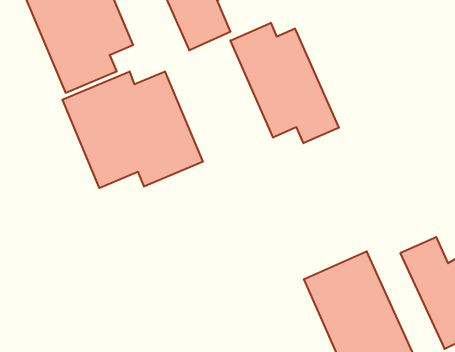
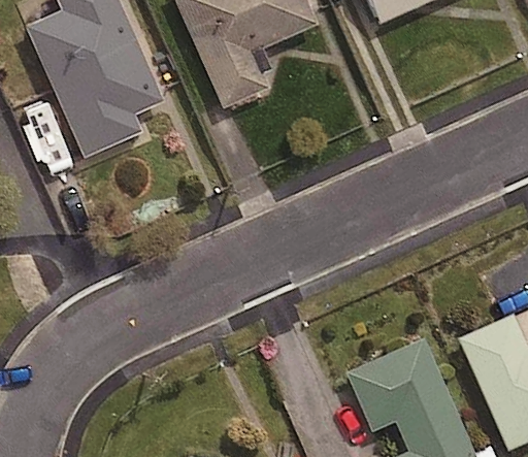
building: [230,23,339,143] -> none
building: [62,71,203,188] -> none

